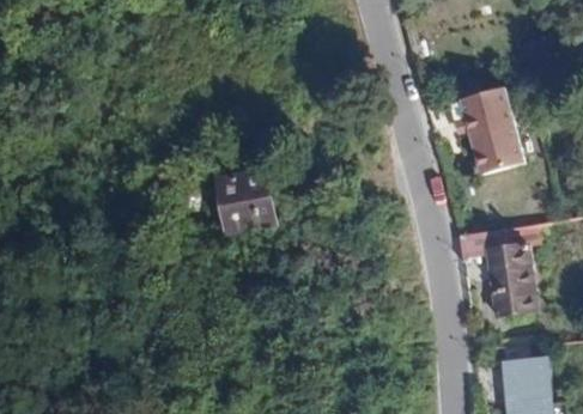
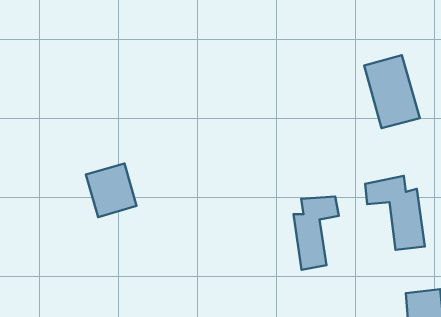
building: [218,169,278,232] -> [86,163,137,217]
building: none -> [294,197,339,270]

